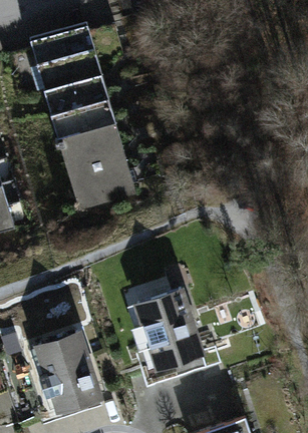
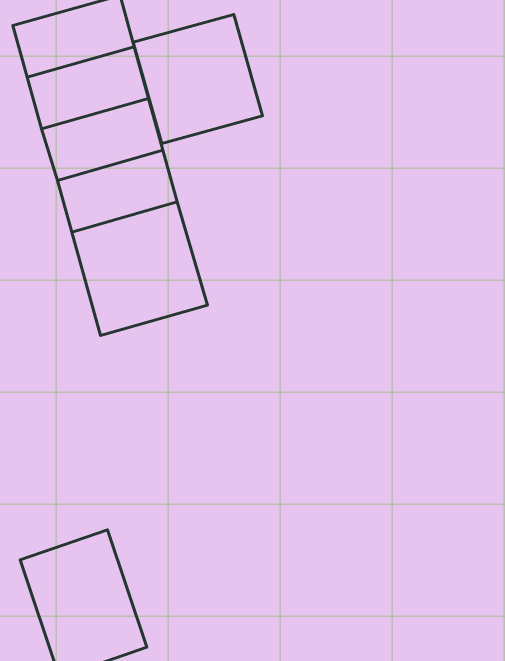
building: none -> [133,15,263,143]
building: [130,283,204,369] -> none

